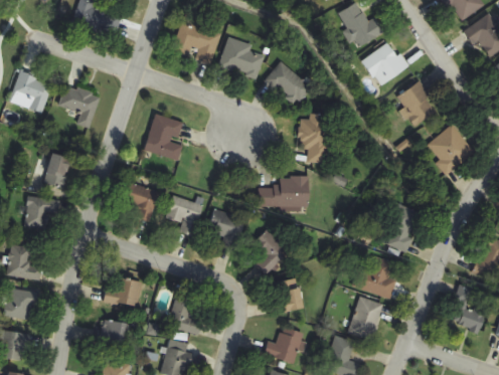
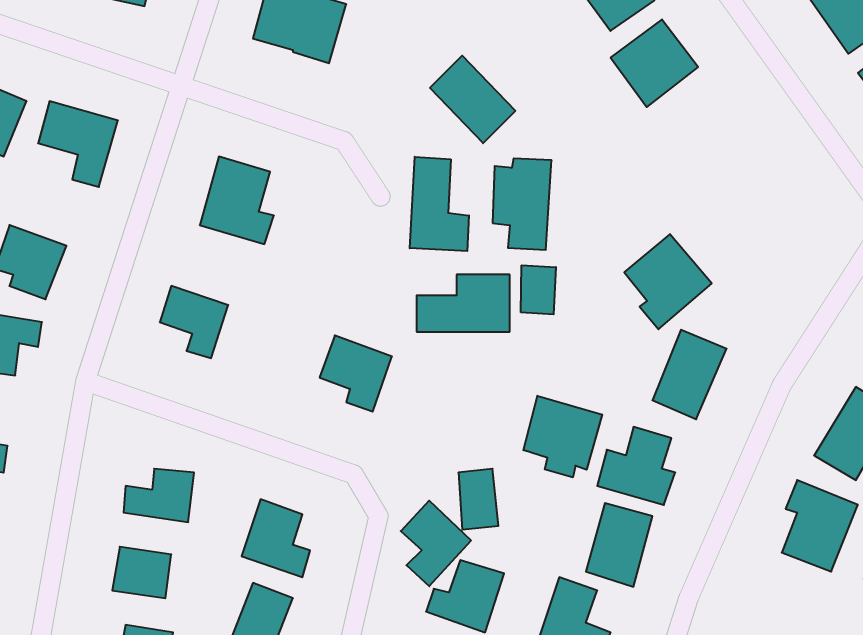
building: [219,37,264,79] -> none
building: [396,82,438,128] -> none
building: none -> [410,157,469,251]
building: [428,125,474,175] -> [624,234,712,329]
building: none -> [521,265,556,314]
building: [166,195,202,236] -> none
building: [252,229,289,274] -> [401,501,471,586]
building: none -> [523,396,602,477]

